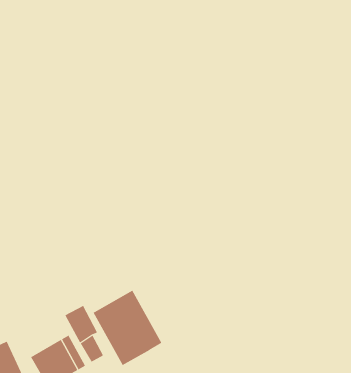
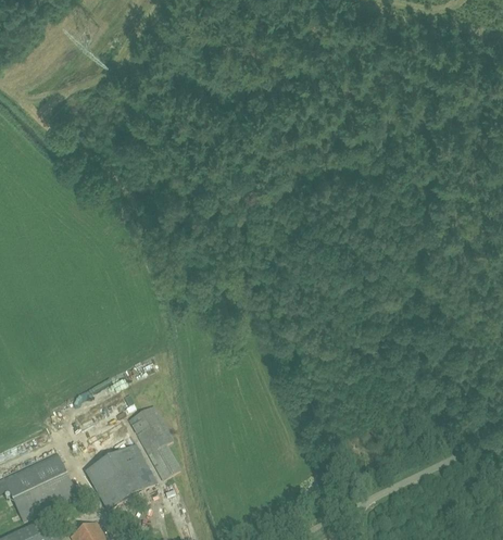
building: [93,290,162,366] -> none

